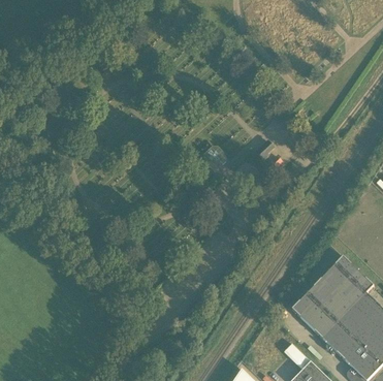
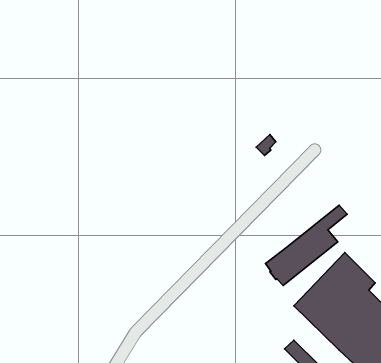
building: none -> [265,205,347,285]

